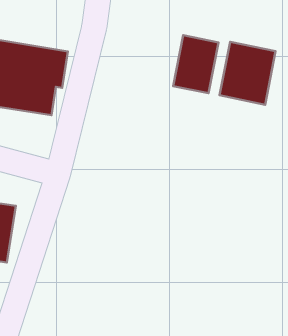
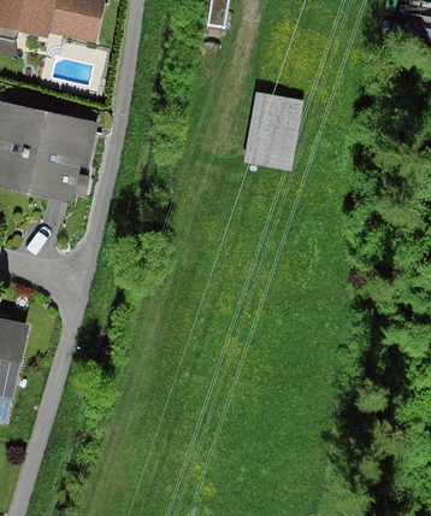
building: [220,42,276,105] -> none

